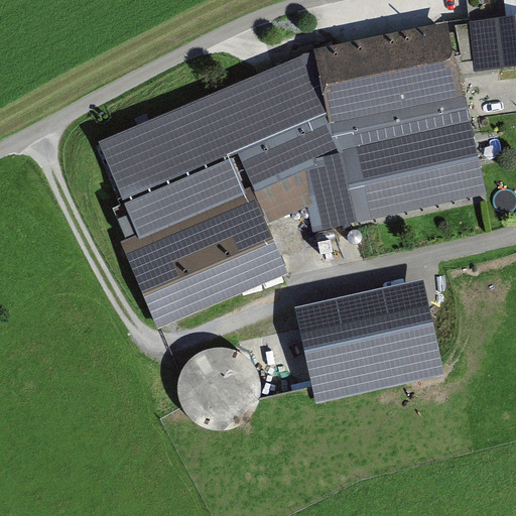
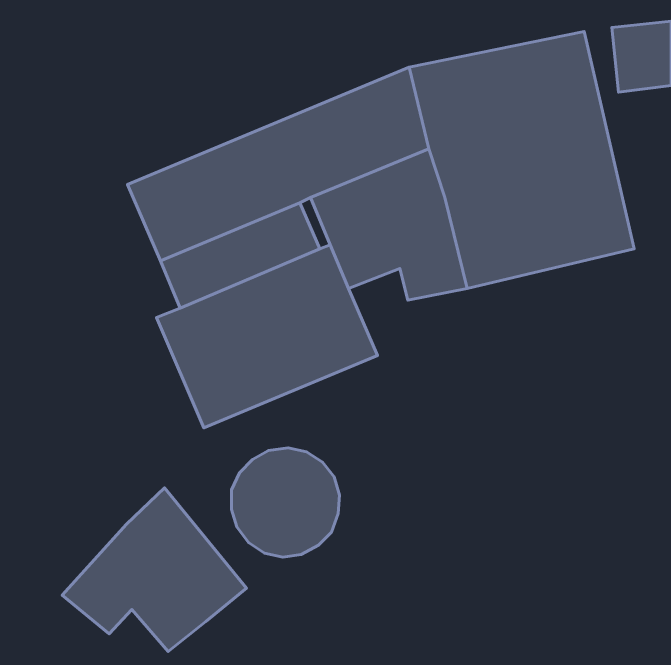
building: [294,280,443,401] -> none
building: none -> [62,488,247,652]

